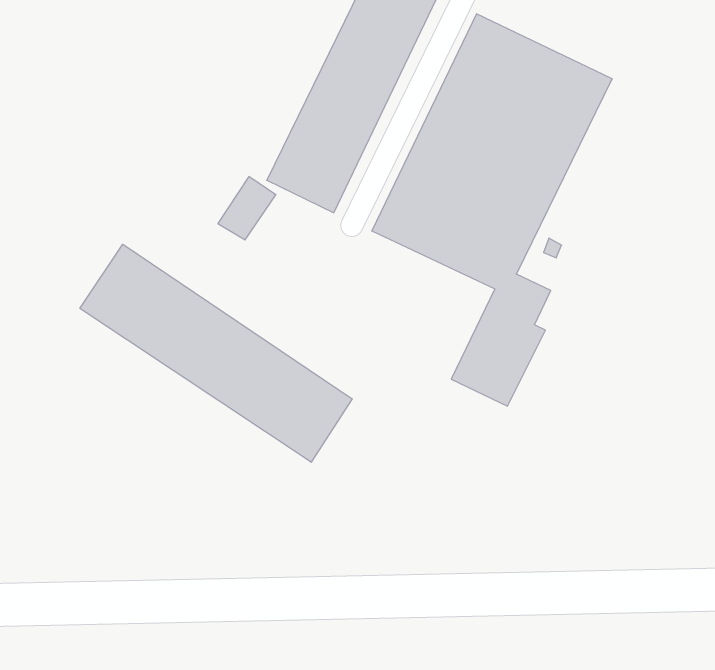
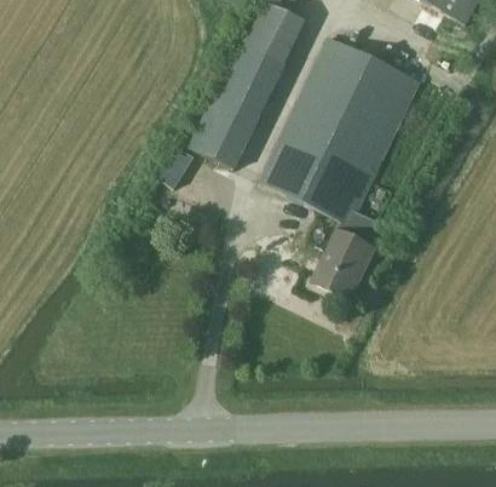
building: [80,244,352,462] -> none

